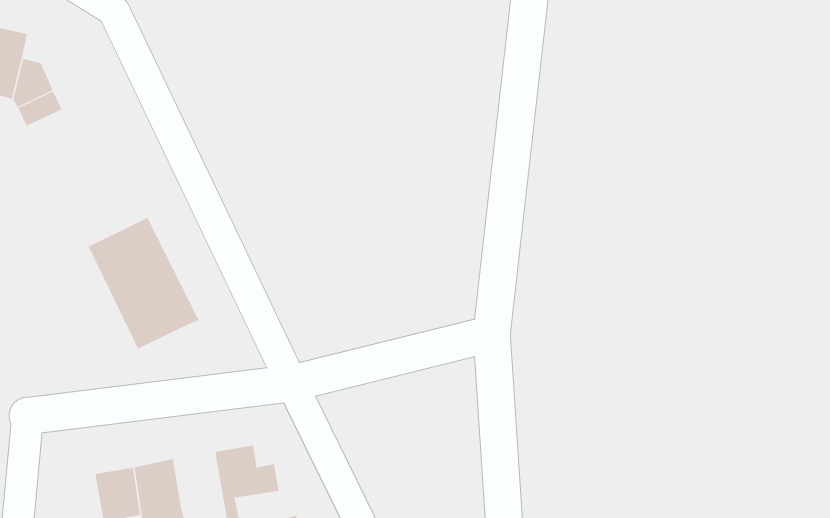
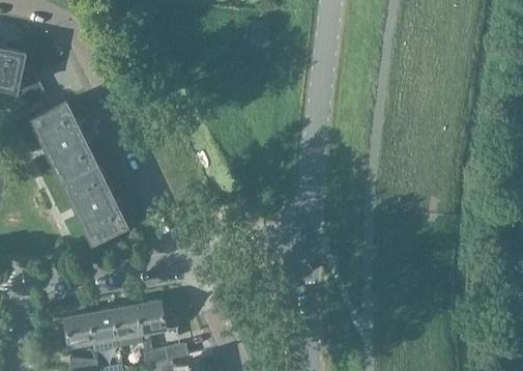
building: none -> [29,101,96,180]
building: none -> [112,305,142,339]

